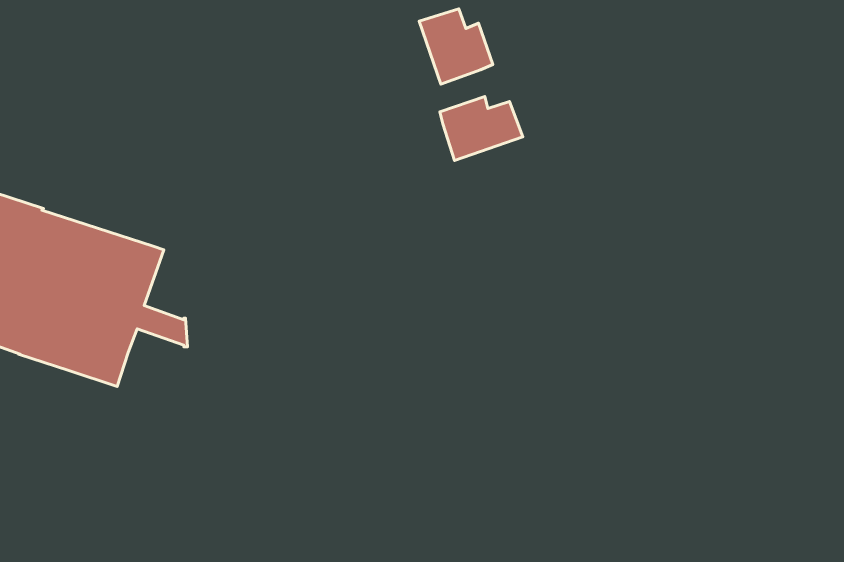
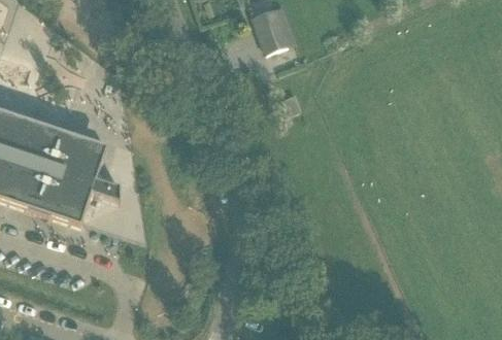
building: [440,97,523,161] -> none

